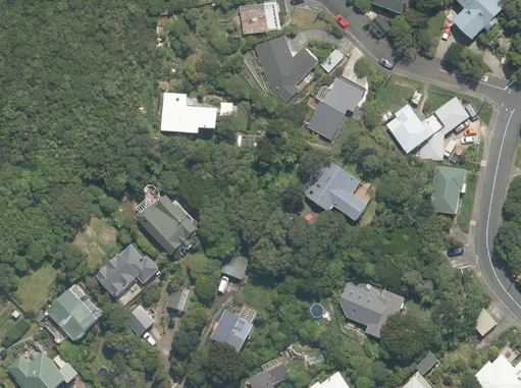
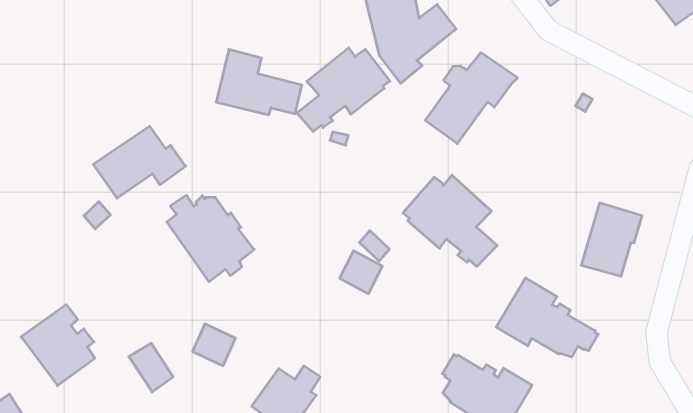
building: none -> [297,48,390,132]
building: [385,97,468,160] -> none
building: none -> [496,278,598,357]
building: [95,244,159,297] -> [93,126,186,198]
building: [218,252,247,280] -> [340,251,382,294]

